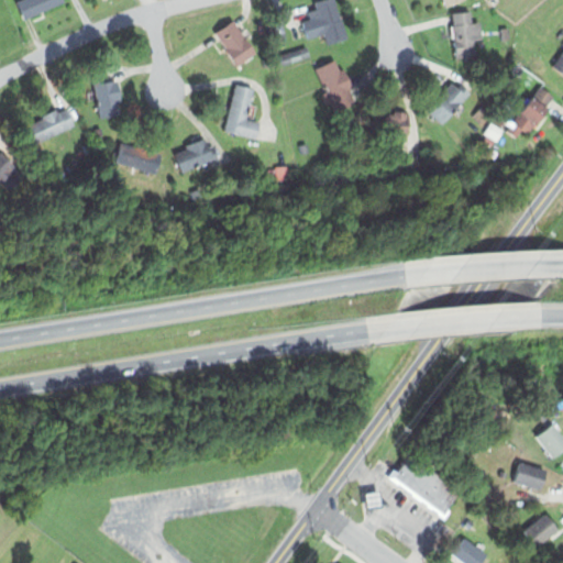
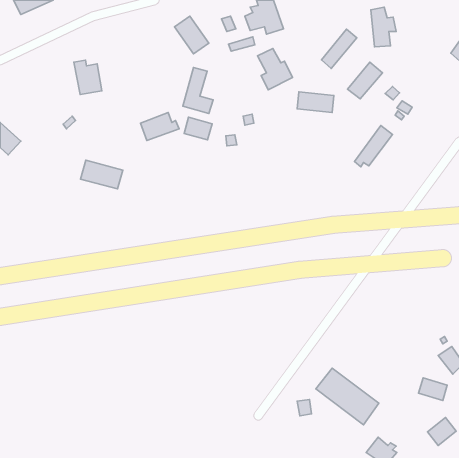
building: none -> [322,29,357,69]
building: [509,86,555,136] -> [355,125,392,167]
building: [24,107,76,154] -> none
building: [113,142,165,177] -> [80,160,123,189]
building: none -> [184,117,212,140]

